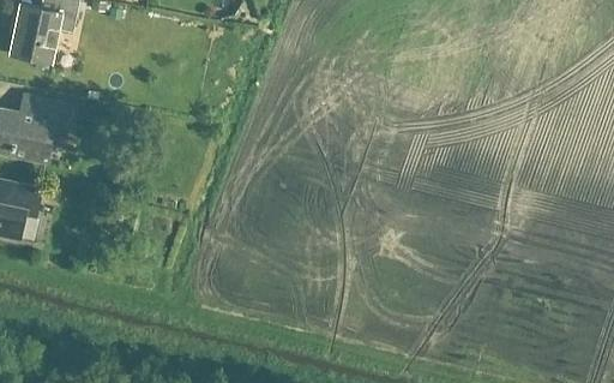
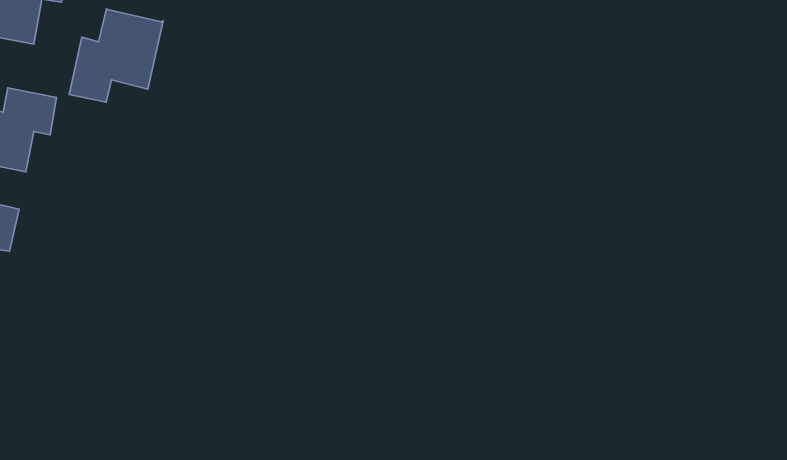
building: none -> [69,9,163,102]

